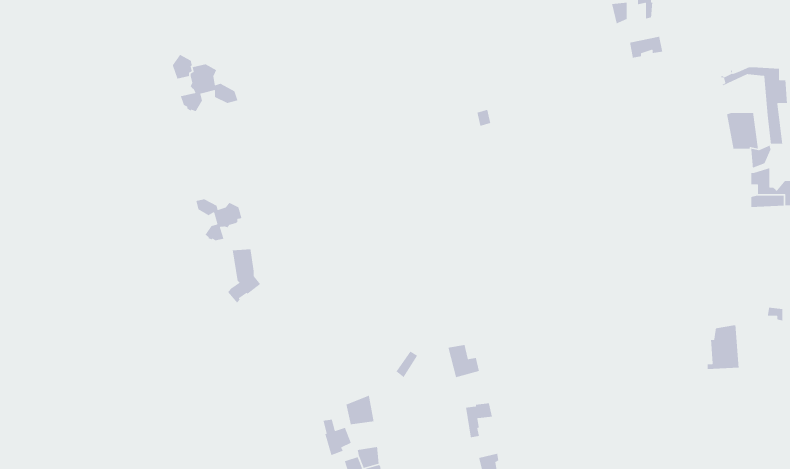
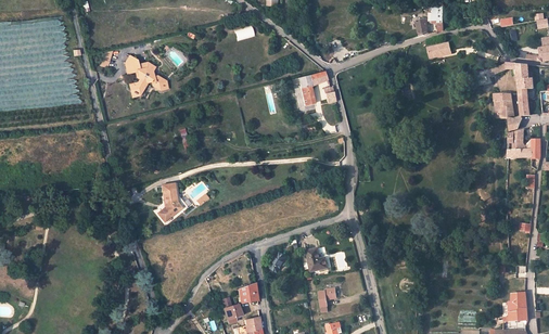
building: none -> [298,70,328,105]
building: [195,199,243,241] -> none
building: [707,324,739,370] -> [507,291,528,321]

